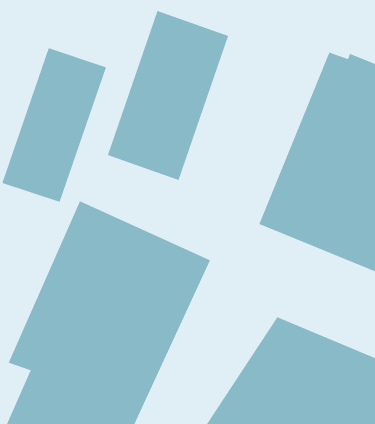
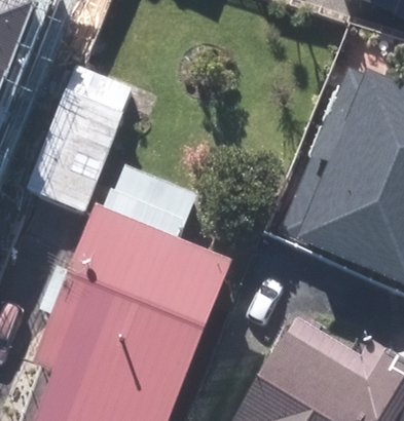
building: [107,10,229,181] -> none

